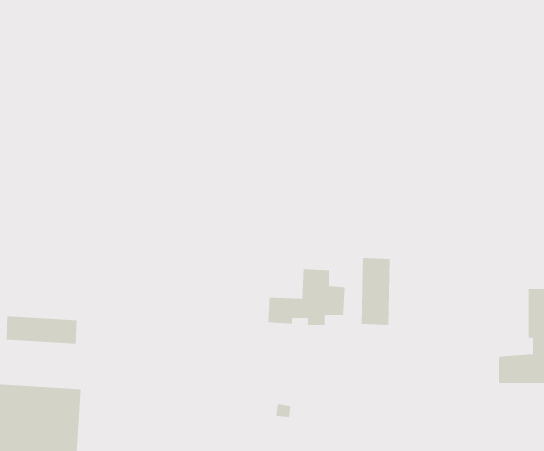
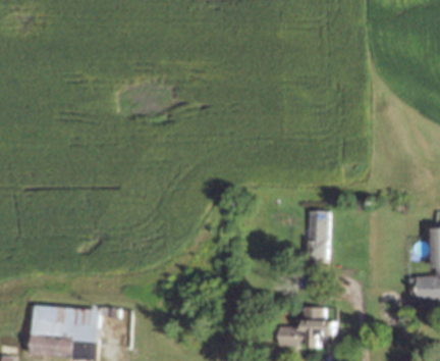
building: [267,269,345,325] -> [281,303,337,344]
building: [6,315,77,345] -> none

